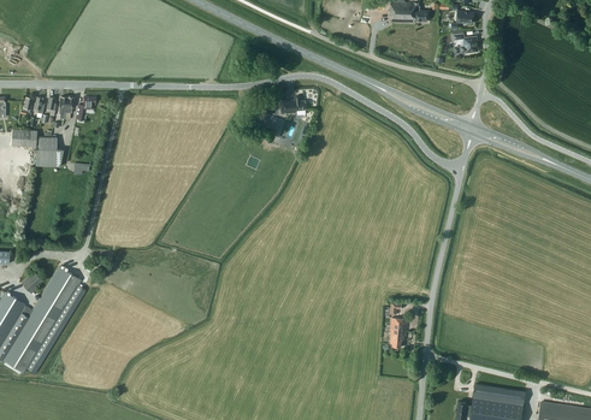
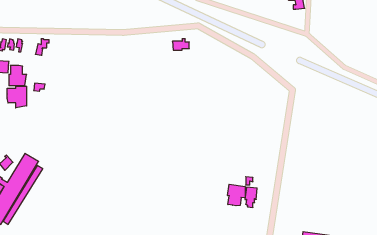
building: none -> [7,86,27,108]
building: none -> [228,184,245,206]

